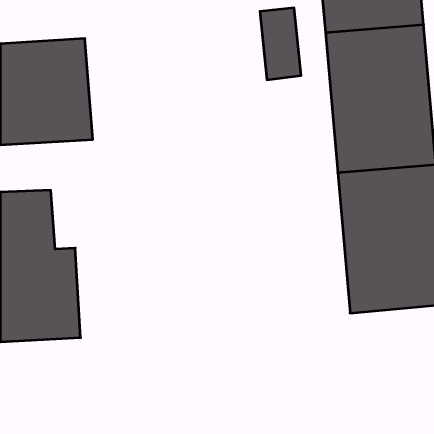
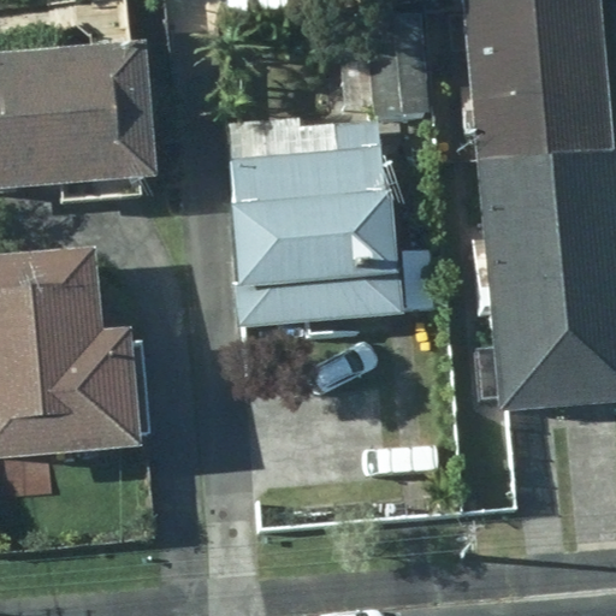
building: none -> [232,123,396,333]

